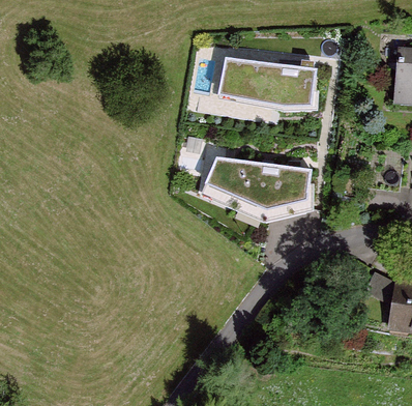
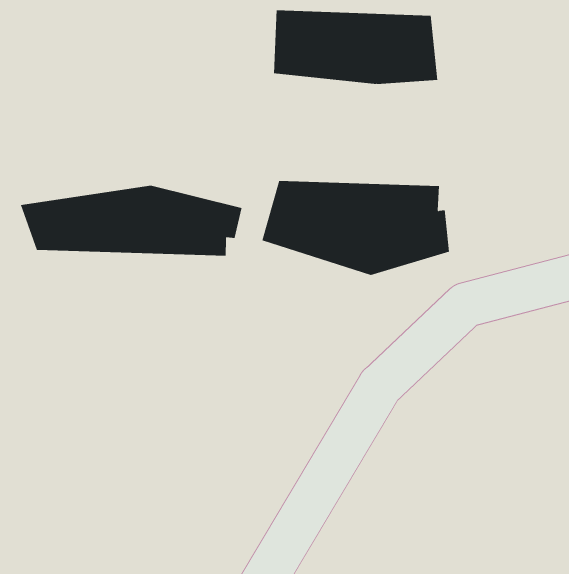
building: none -> [20,185,242,257]

